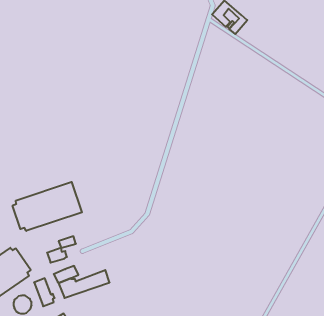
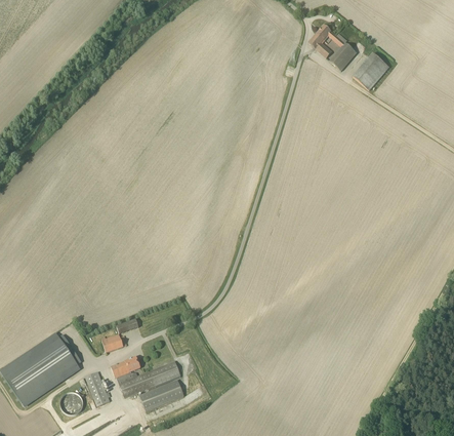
building: none -> [354,52,390,90]
building: [13,182,82,231] -> none
building: none -> [140,380,184,410]

